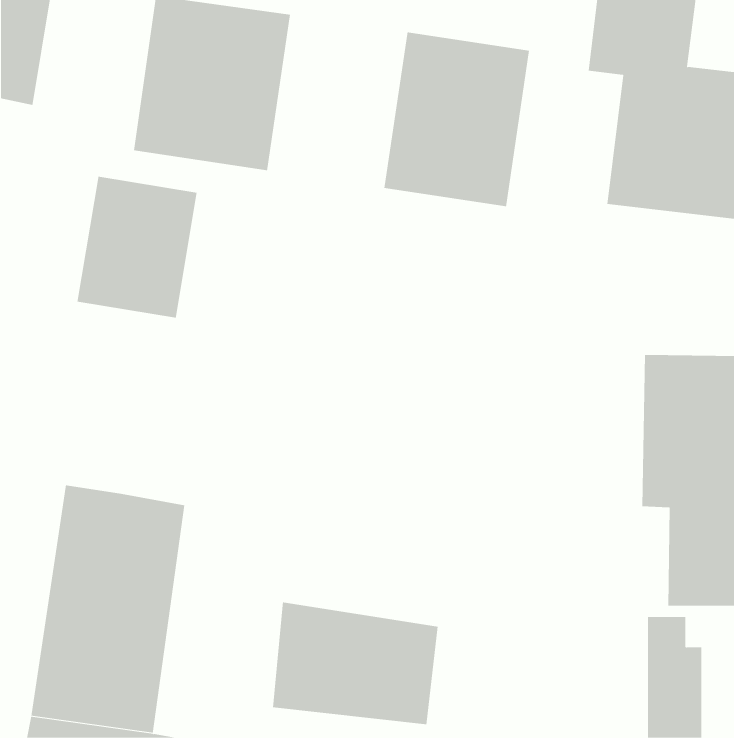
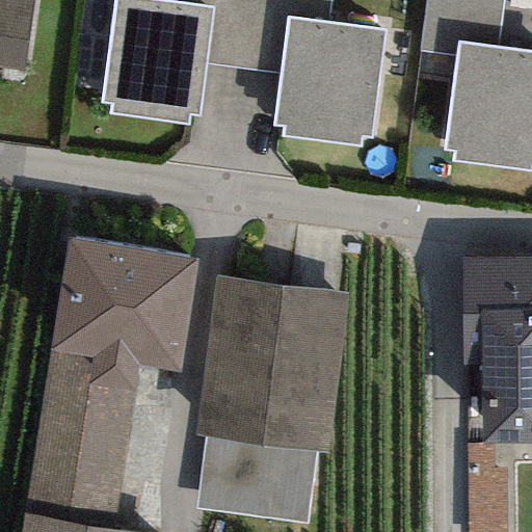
building: [77,176,197,318] -> none
building: none -> [51,237,200,370]
building: none -> [197,276,347,452]

